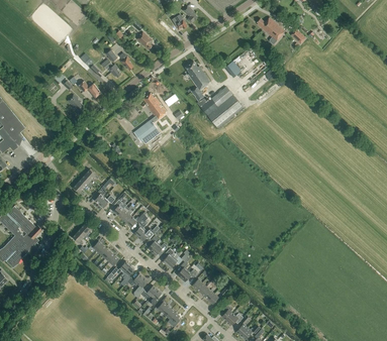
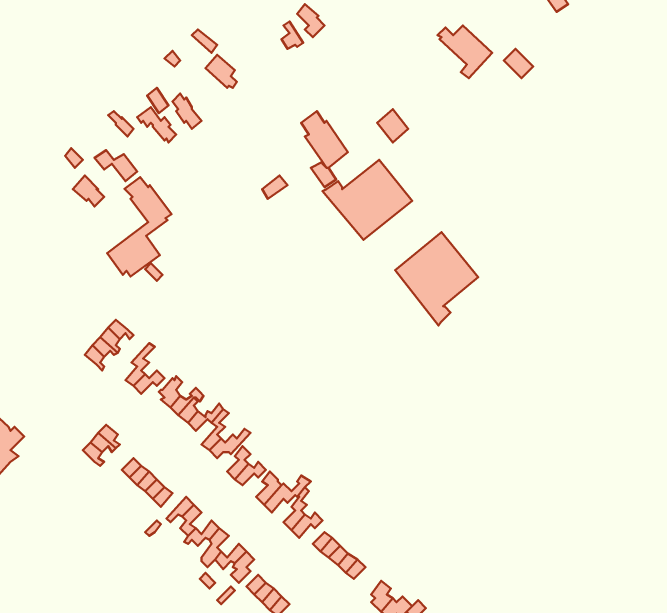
building: [133,93,167,144] -> [107,177,171,277]
building: none -> [395,232,478,325]

